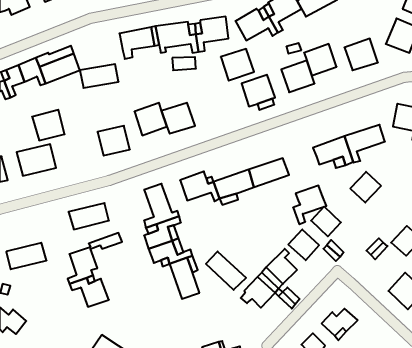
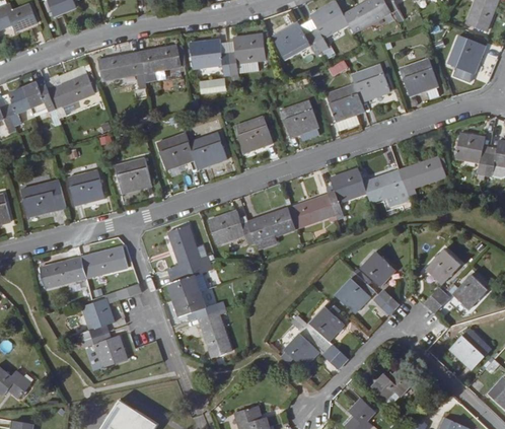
building: [221,49,254,81] -> [233,116,272,152]
building: [80,64,119,88] -> [98,52,143,79]
building: [32,110,65,140] -> [67,169,104,205]
building: [350,172,381,203] -> [425,248,460,284]
building: [293,186,326,224] -> [328,170,366,215]
building: [6,243,47,269] -> [40,258,86,288]
building: [206,251,246,290] -> none

